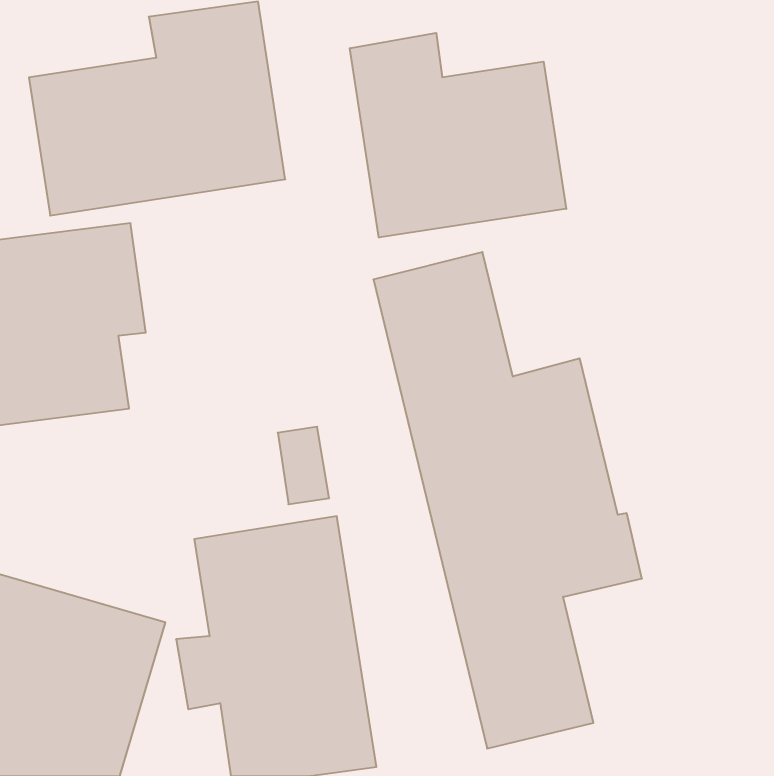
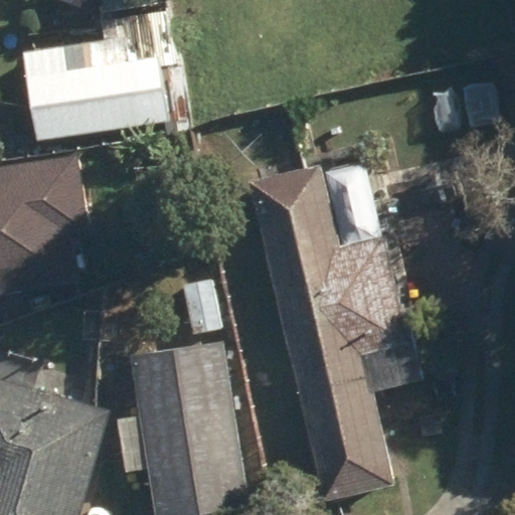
building: [350,33,566,238] -> none

